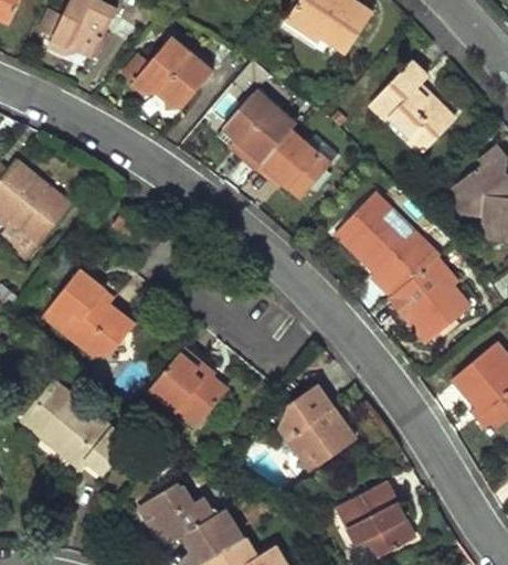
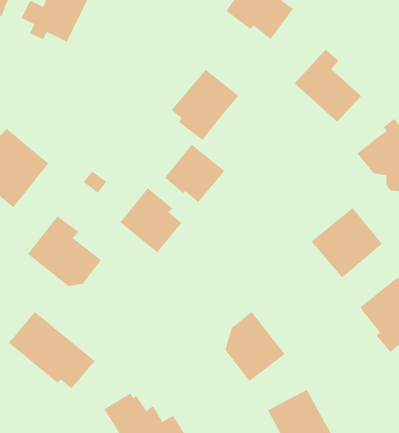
building: [121,34,215,107] -> none
building: [261,132,335,204] -> [164,144,225,203]
building: [336,193,443,298] -> none
building: [149,345,225,425] -> [119,188,182,253]

